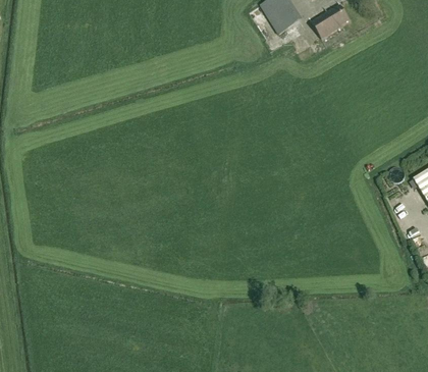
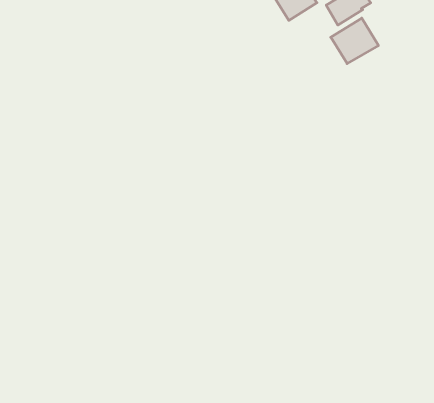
building: none -> [331,18,378,64]

